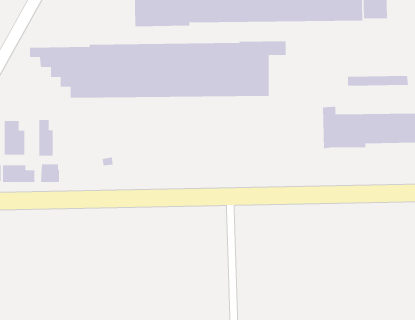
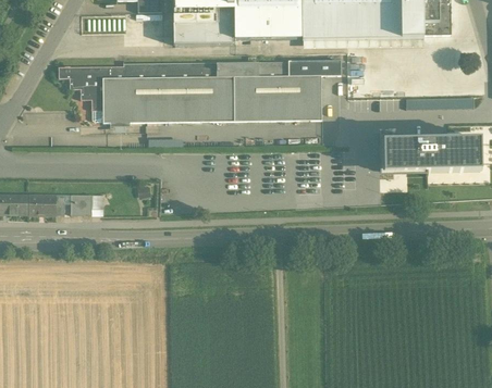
building: [39,119,53,156] -> none
building: [4,120,25,156] -> none

